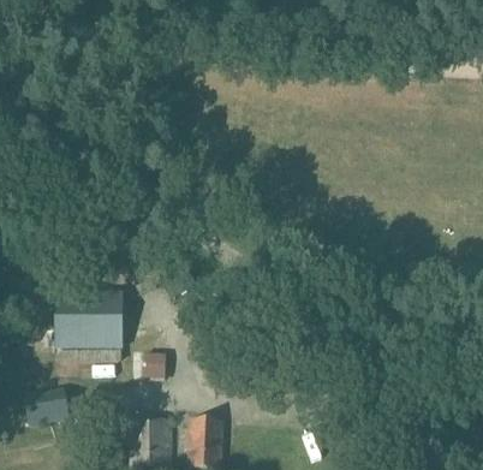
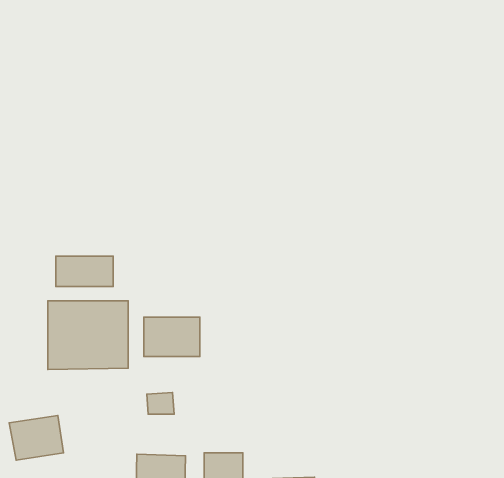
building: none -> [56,256,113,287]
building: none -> [144,317,200,357]

